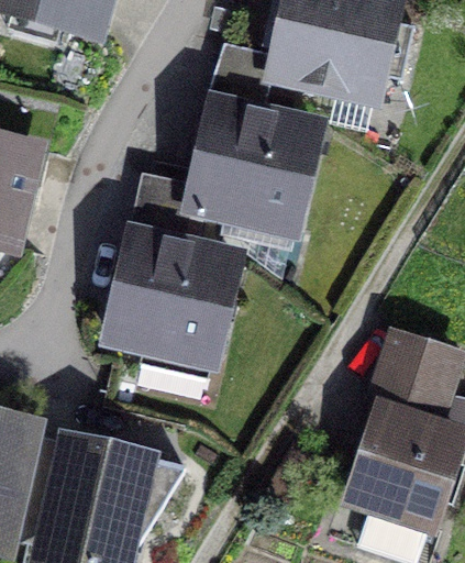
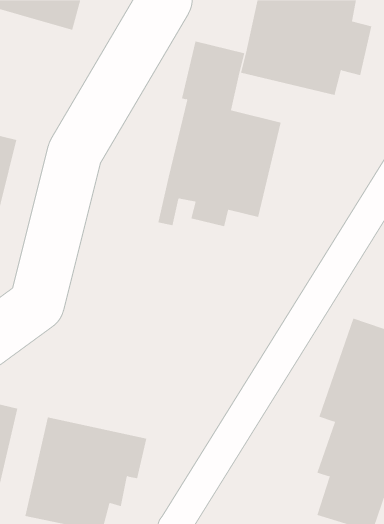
building: [112,176,237,373] -> none

